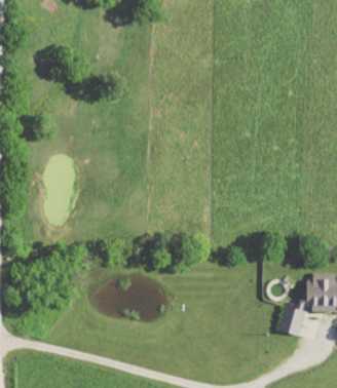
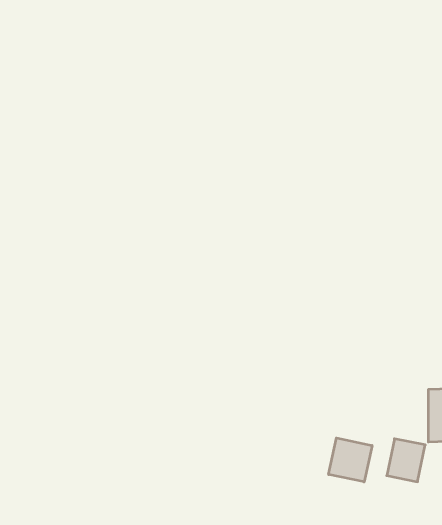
building: none -> [329,438,372,482]

